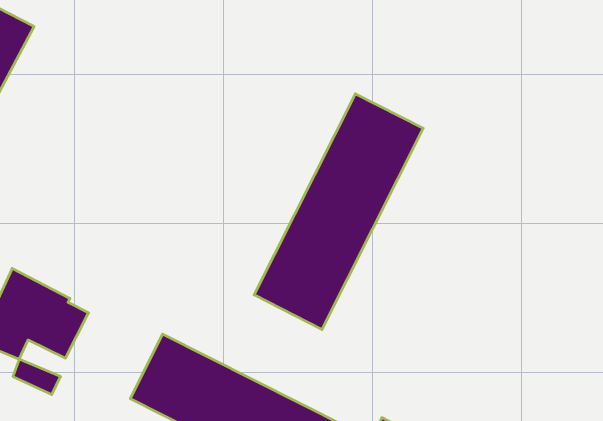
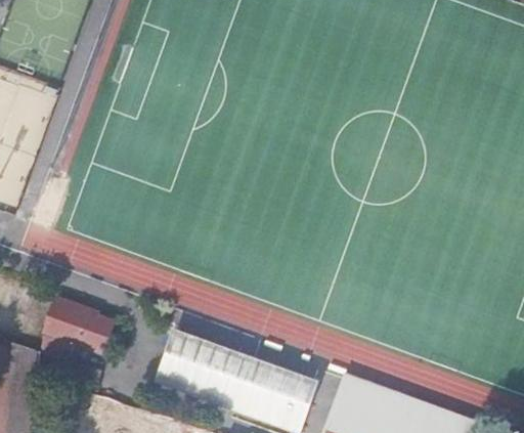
building: [254,94,423,330] -> none

